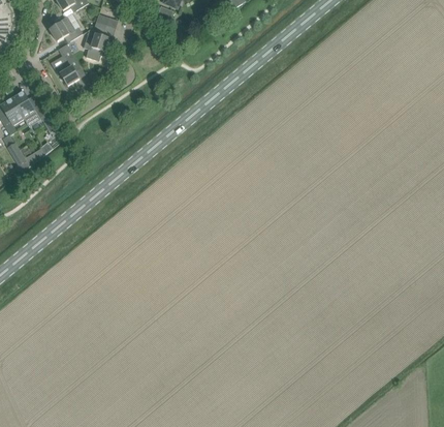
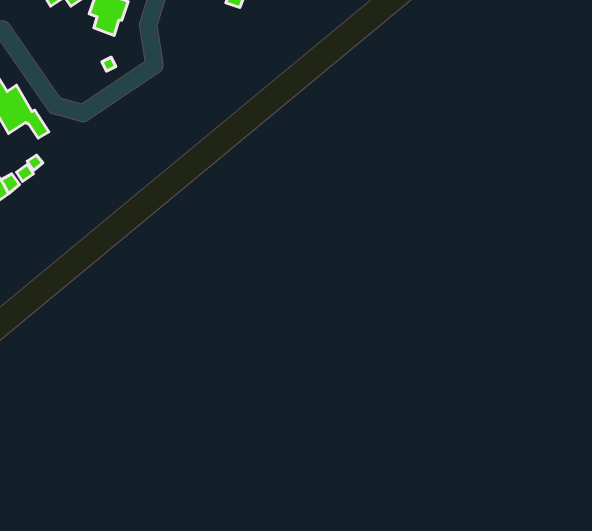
building: [53,43,78,85] -> none

